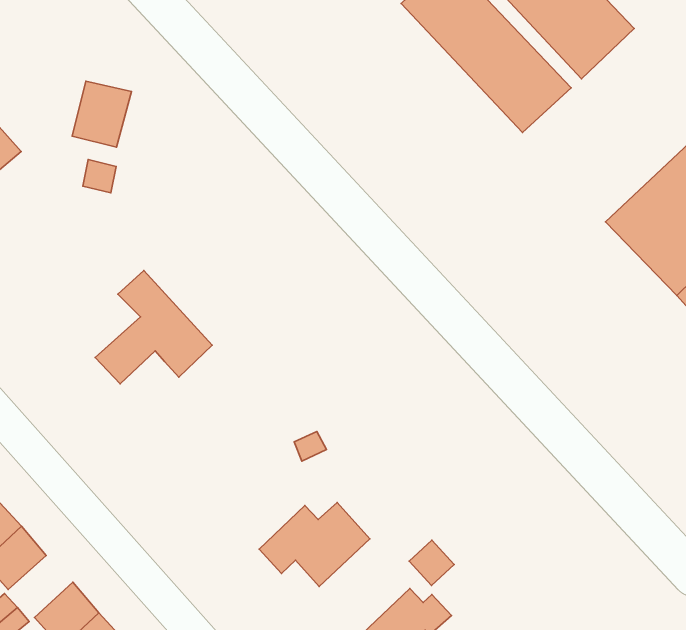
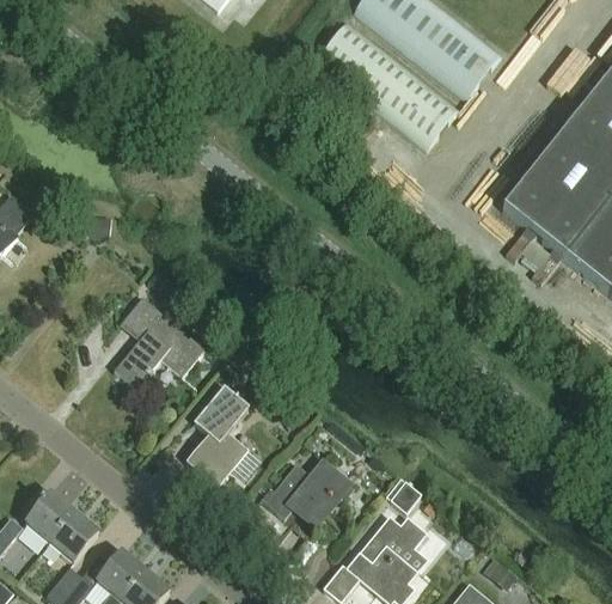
building: [72,81,132,147] -> none
building: none -> [188,386,262,483]

